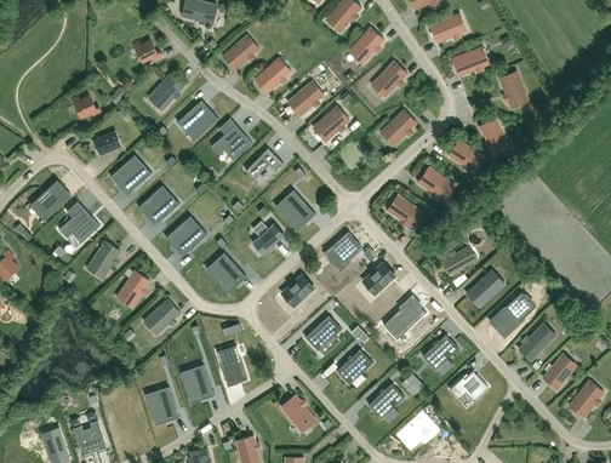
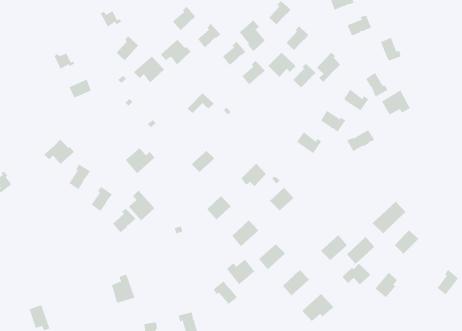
building: none -> [239,19,266,52]
building: none -> [268,52,297,78]
building: none -> [316,52,341,83]
building: [210,125,251,160] -> [160,39,192,66]
building: none -> [381,90,410,115]
building: [109,159,150,194] -> none
building: [36,181,68,224] -> none
building: [137,189,178,224] -> none
building: [279,189,314,230] -> none
building: [439,245,476,274] -> [346,130,375,152]
building: [210,251,245,292] -> [128,190,155,221]
building: [466,269,503,307] -> [346,236,375,265]
building: [379,298,422,339] -> none
building: [216,343,246,384] -> none
building: [541,355,571,389] -> [375,272,398,298]
building: [181,364,212,402] -> none
building: none -> [226,259,255,285]
building: [72,419,105,455] -> none

